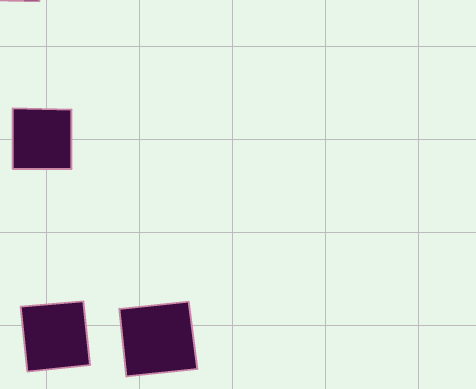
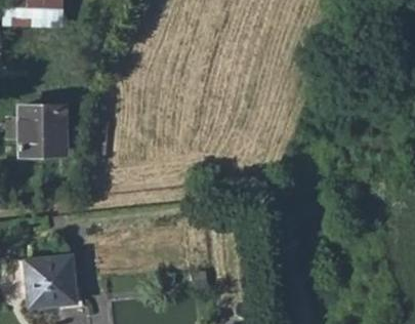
building: [119,302,197,377] -> none

